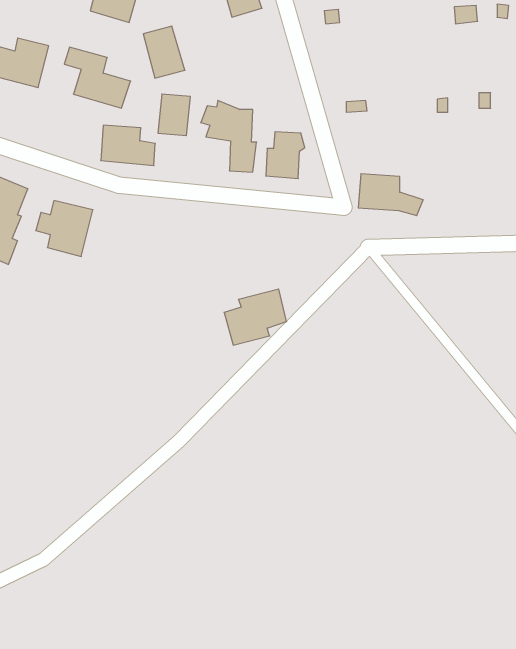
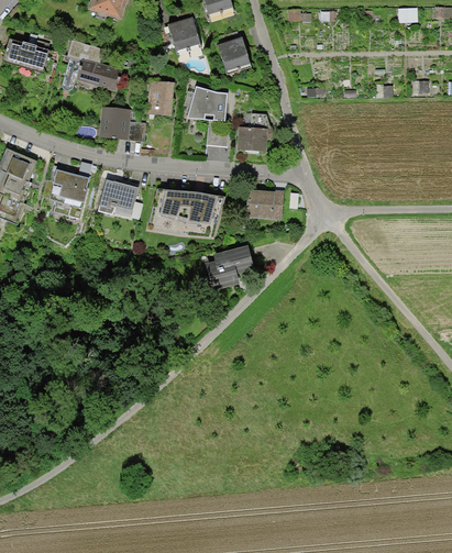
building: [143,26,185,78] -> [168,18,203,62]
building: none -> [219,37,251,73]
building: [358,174,423,216] -> [246,189,301,224]
building: none -> [100,179,137,209]
building: none -> [145,186,224,236]

